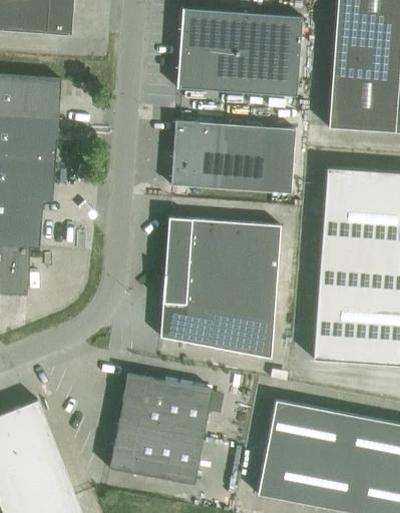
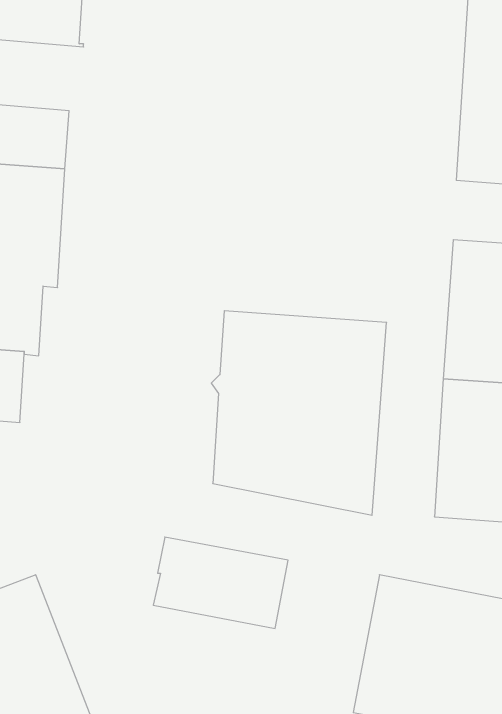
building: [177,8,303,96] -> none
building: [171,121,296,193] -> none
building: [109,421,204,485] -> none

